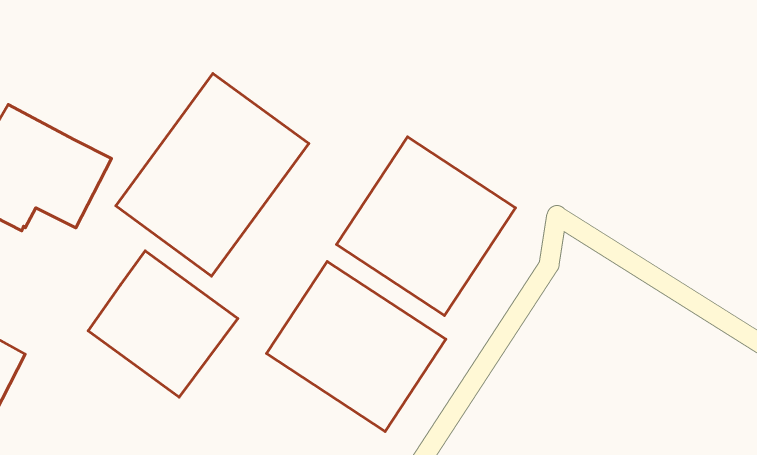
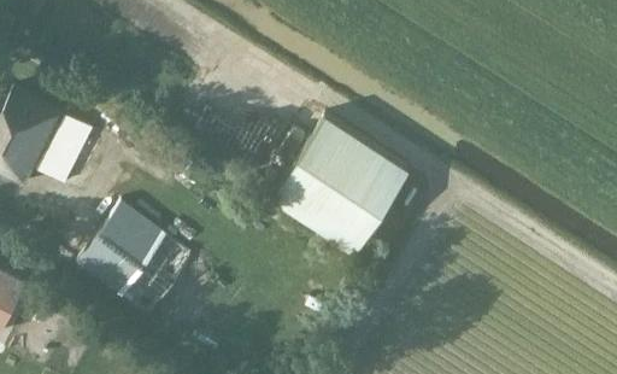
building: [116,73,309,276] -> none
building: [266,261,446,432] -> none

